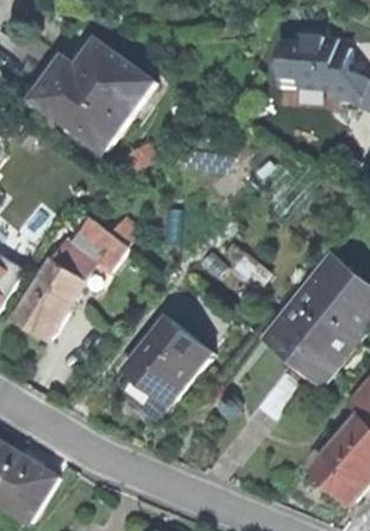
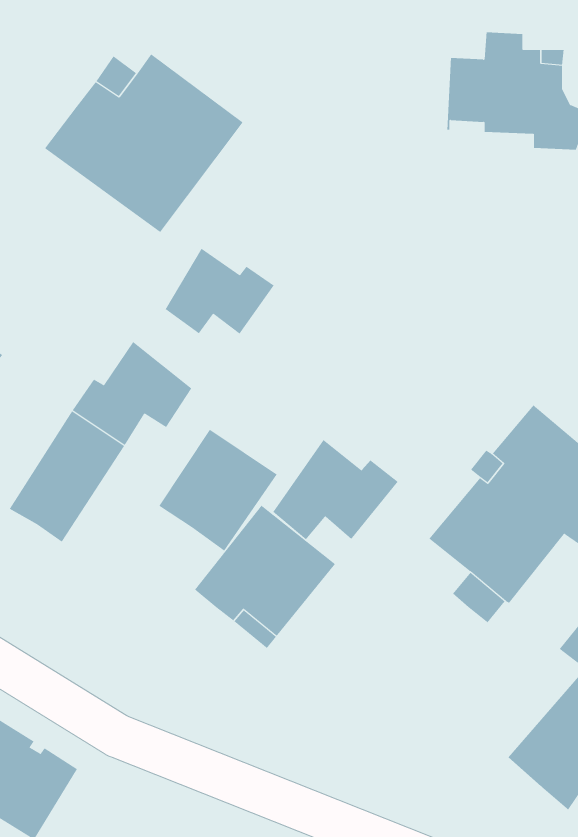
building: none -> [165,248,275,335]
building: none -> [158,429,277,552]
building: none -> [272,439,398,540]

